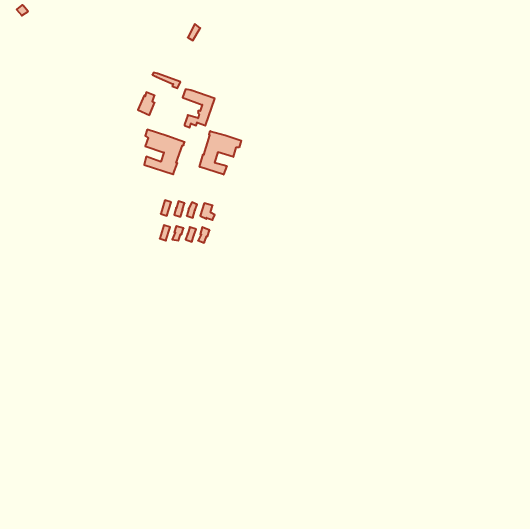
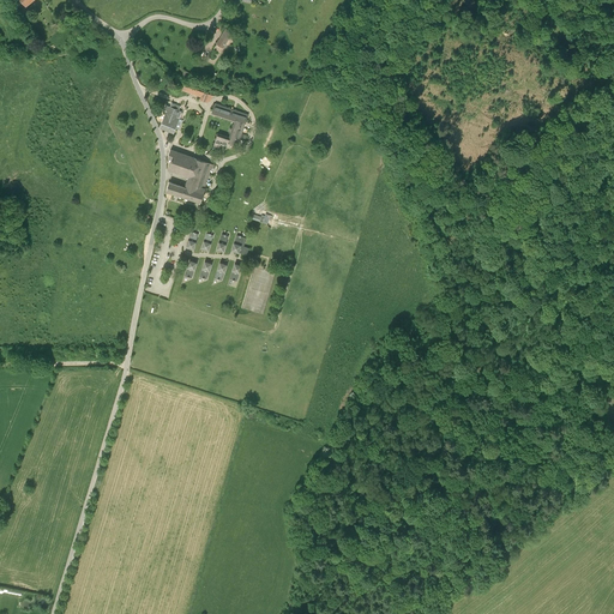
building: [200,131,241,175] -> none

